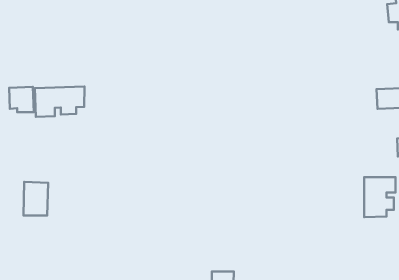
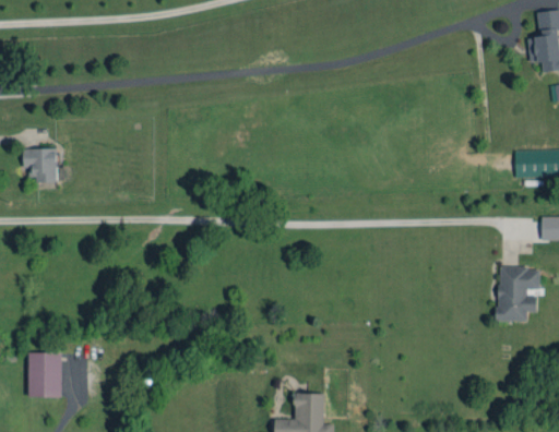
building: [35,87,84,117] -> none
building: [23,182,48,216] -> [28,352,61,397]

